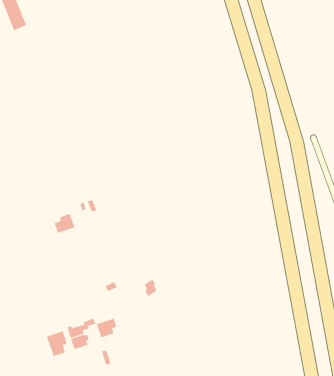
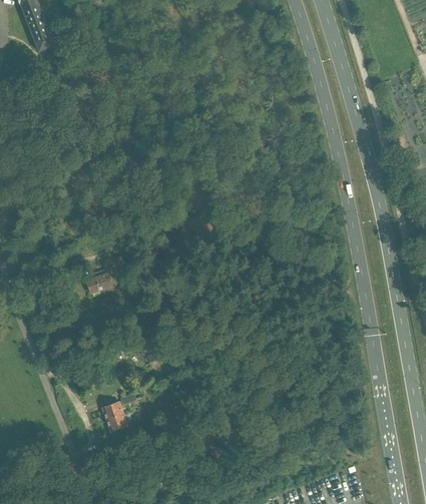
building: [96,318,117,338] -> none
building: [46,330,67,357] -> none

